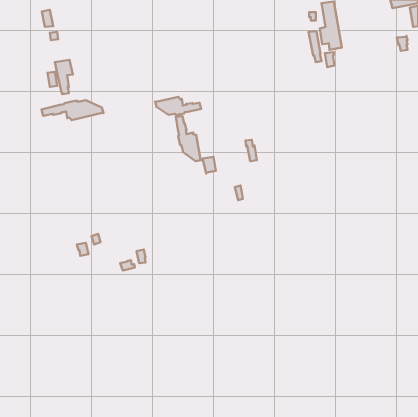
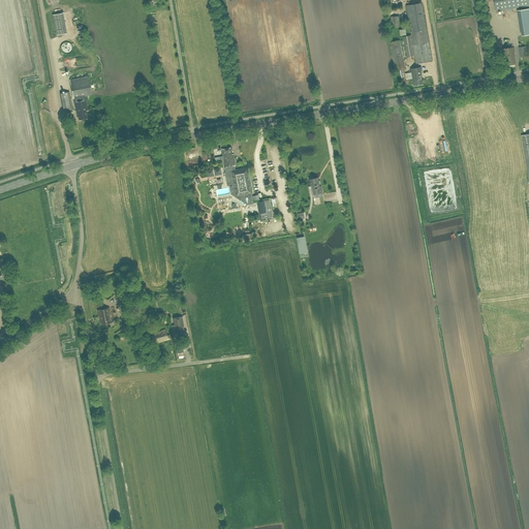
building: [155,97,201,115] -> none
building: [41,100,103,120] -> none

